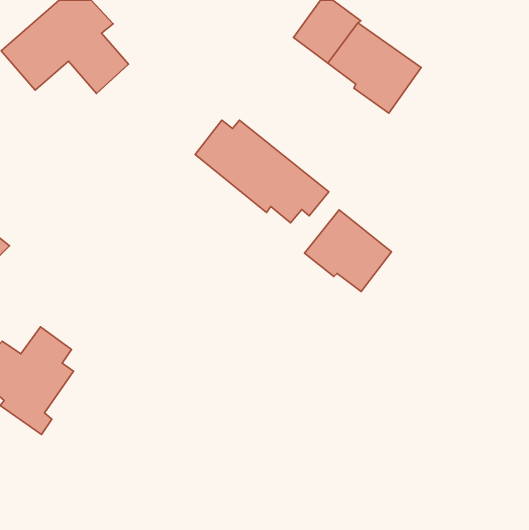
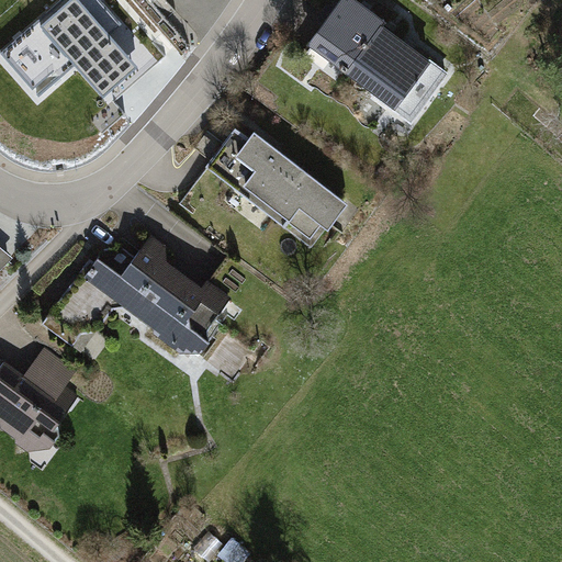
building: [305,210,392,292] -> none
building: none -> [77,234,231,364]

